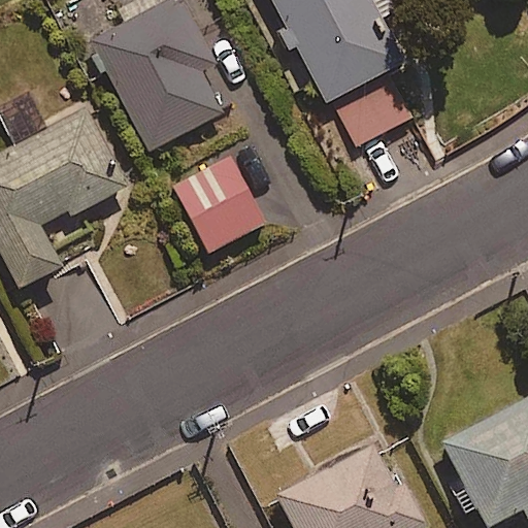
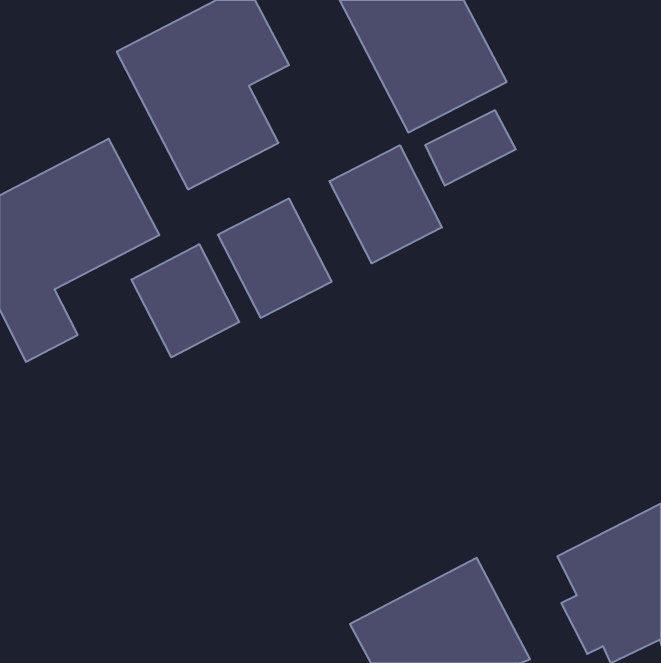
building: none -> [329,145,442,263]
building: none -> [131,244,239,357]

